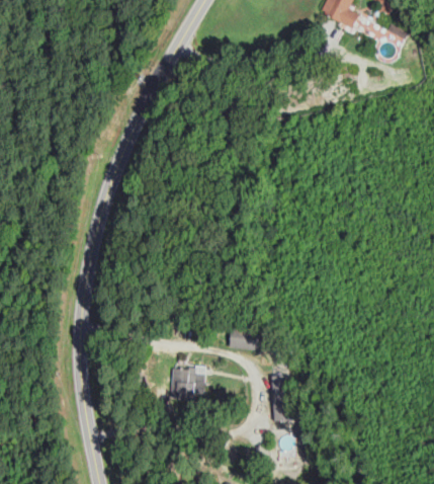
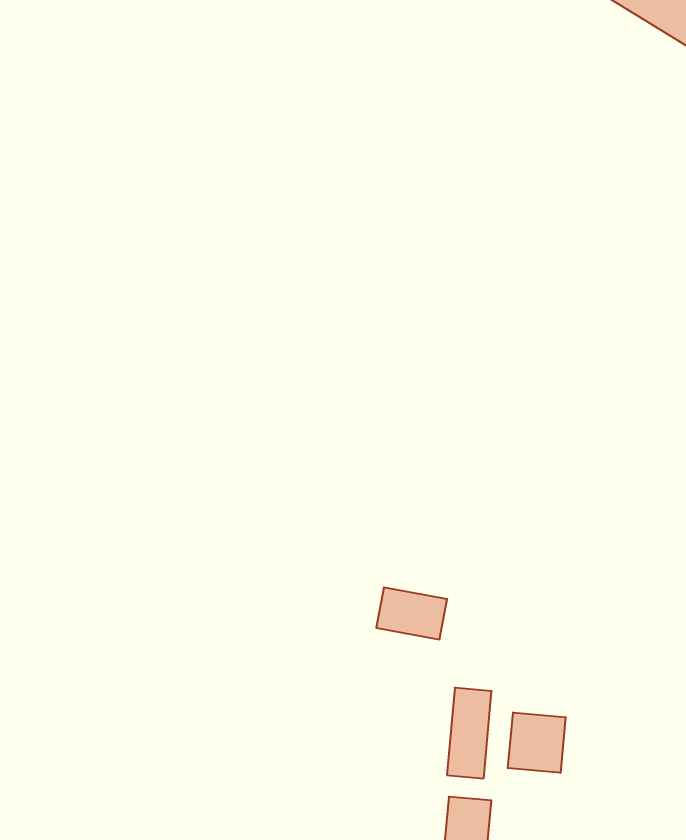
building: [170,367,204,399] -> none
building: none -> [508,712,566,773]

